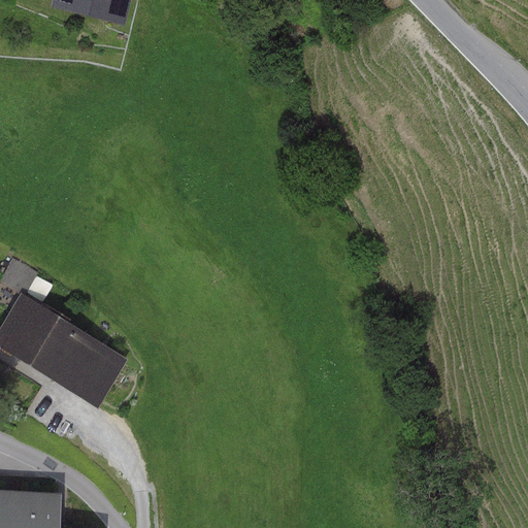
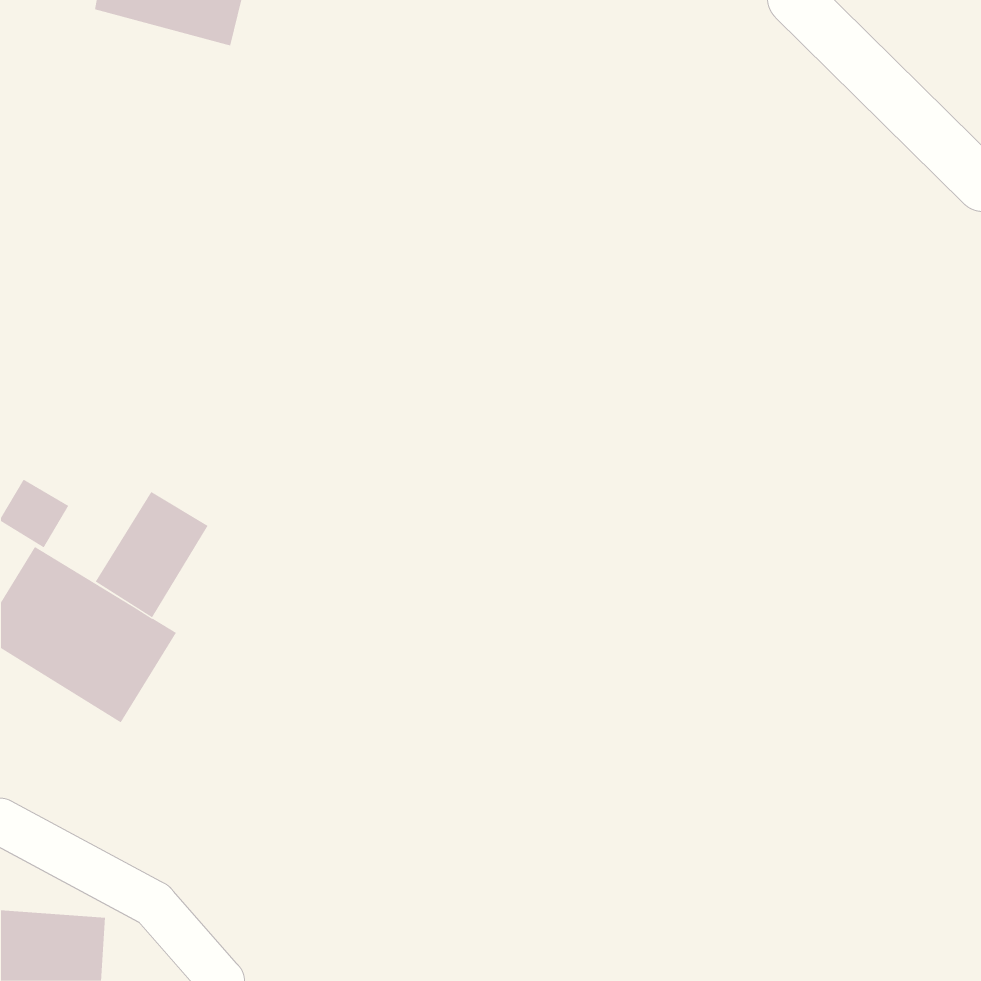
building: [66,339,127,407] -> [95,491,208,618]

